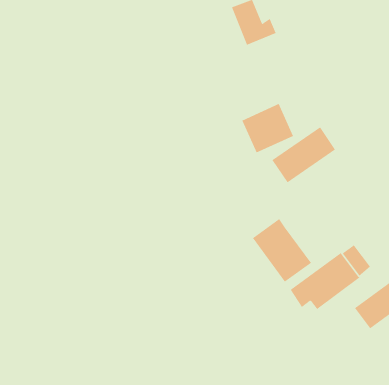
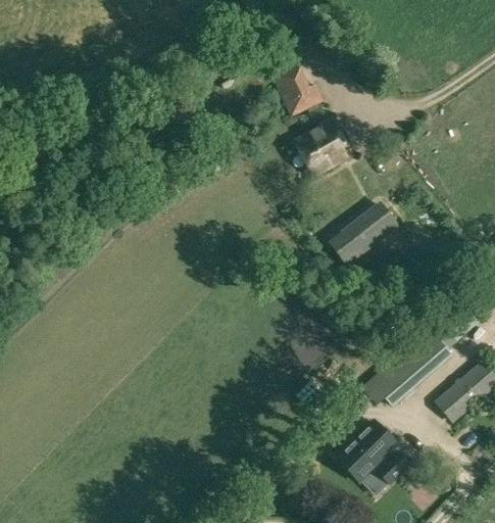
building: [241,103,294,153] -> [292,117,352,176]
building: [252,218,312,283] -> none
building: none -> [342,422,406,479]

